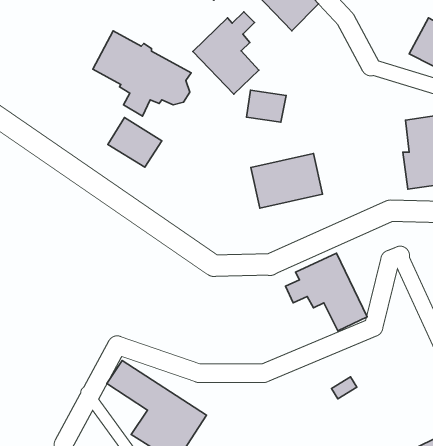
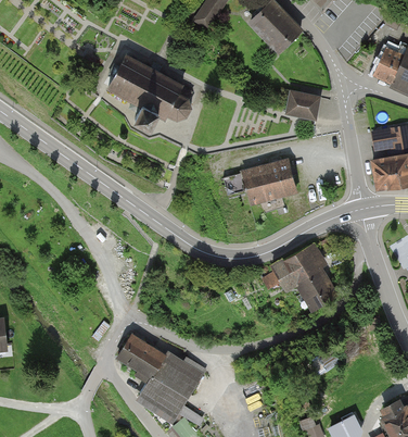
building: [193,12,259,94] -> none
building: [247,90,286,122] -> [283,93,317,121]
building: [108,118,162,167] -> none

